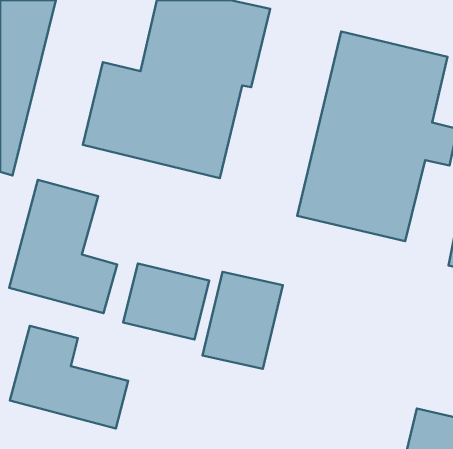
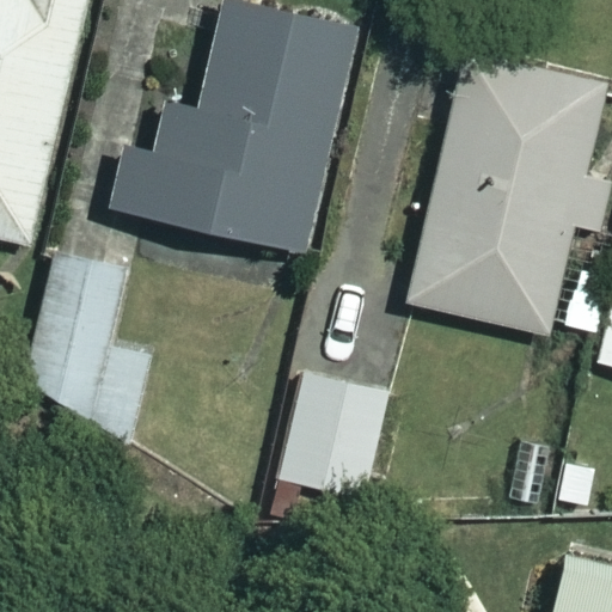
building: [123,263,209,339] -> none
building: [10,326,128,429] -> none

